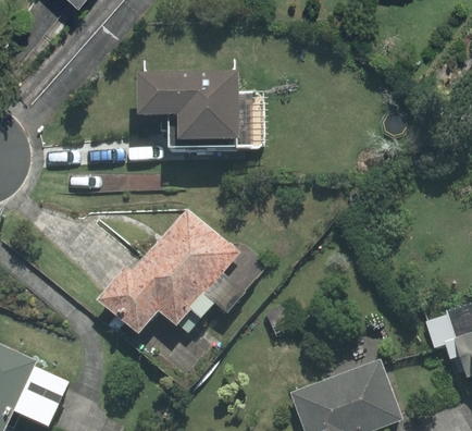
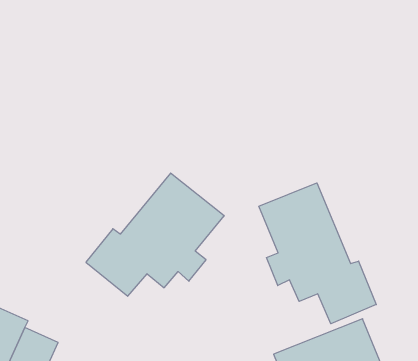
building: [137,70,244,140] -> none
building: none -> [259,183,376,324]

